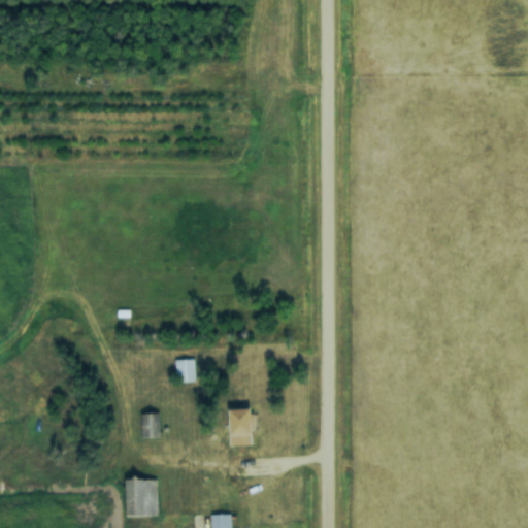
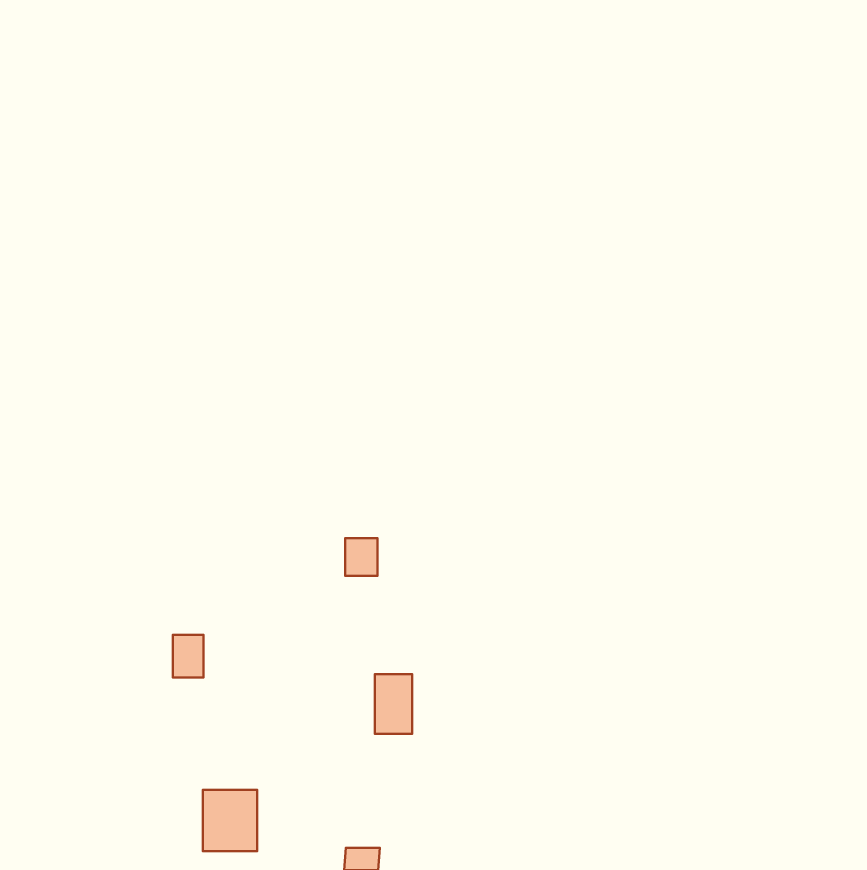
building: [175,359,195,382] -> [345,538,377,576]
building: [141,412,160,438] -> [173,635,203,677]

